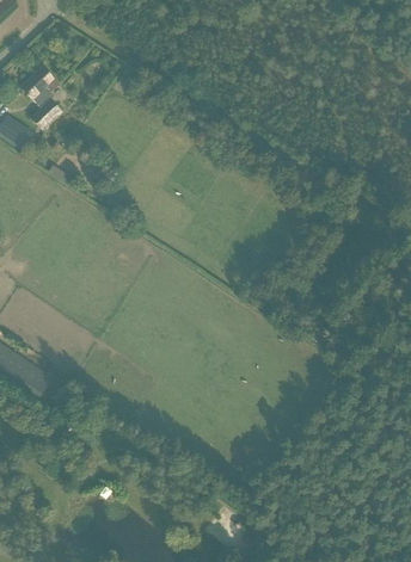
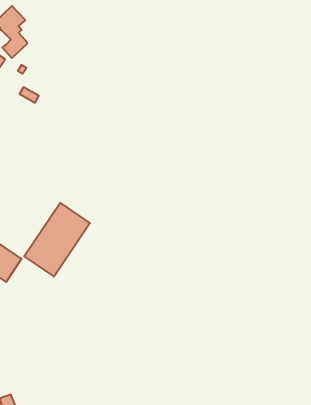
building: none -> [24,203,90,277]

